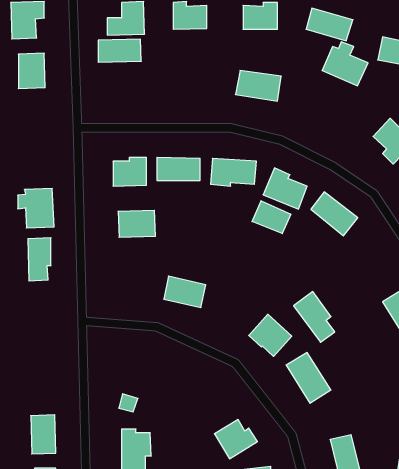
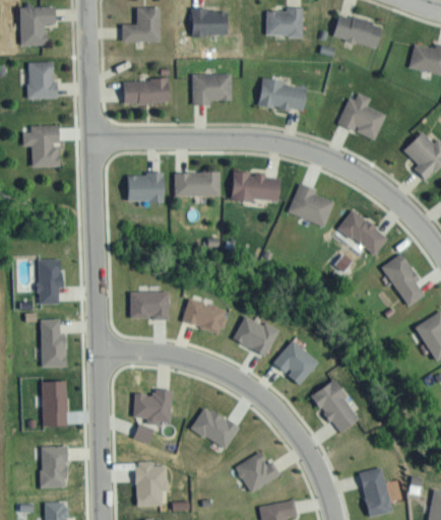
building: [98,39,141,62] -> [124,80,170,105]
building: [322,42,368,86] -> [338,93,387,140]
building: none -> [192,74,232,106]
building: [18,189,54,228] -> [22,126,61,168]
building: [252,201,291,234] -> none
building: [118,210,155,237] -> [129,290,169,319]
building: [294,292,335,342] -> [381,252,425,306]
building: none -> [232,316,279,356]
building: none -> [41,319,66,367]
building: none -> [42,381,67,426]
building: none -> [133,388,172,422]
building: none -> [191,405,240,449]

